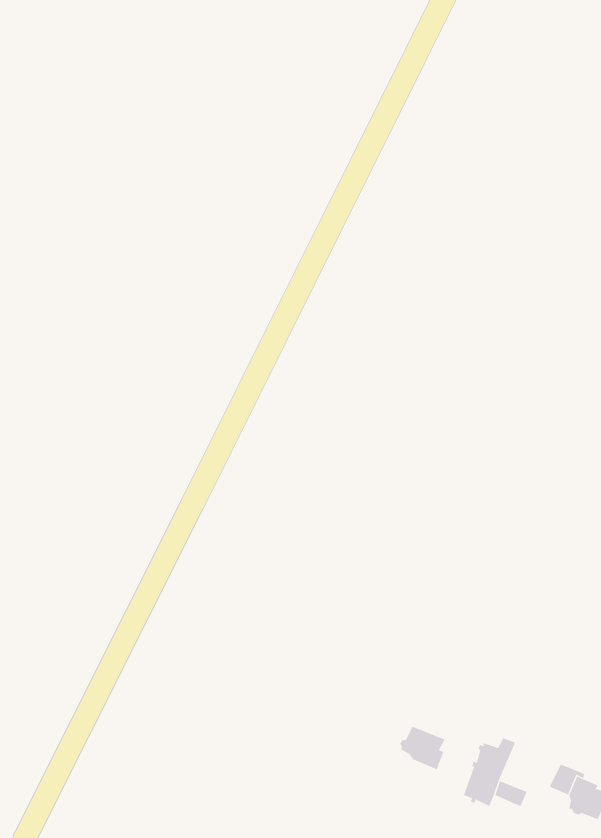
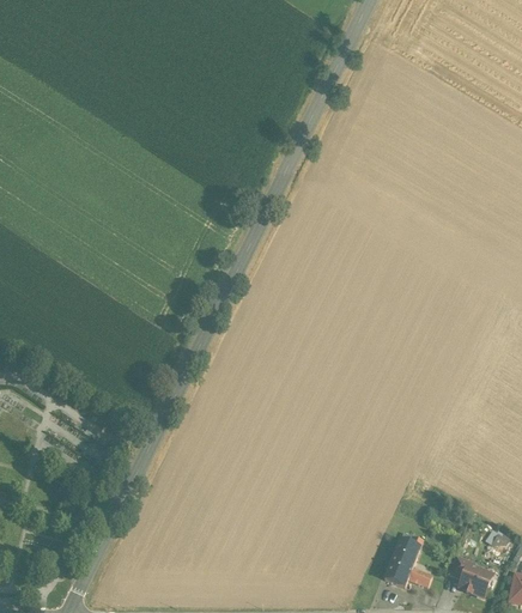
building: [400,726,445,770] -> none

